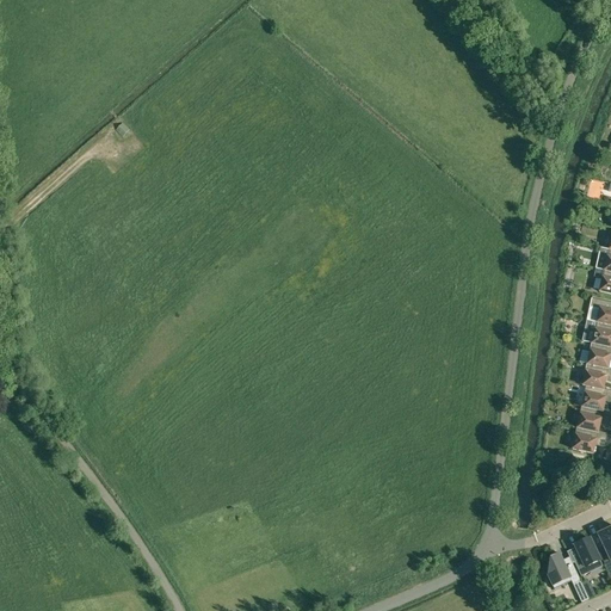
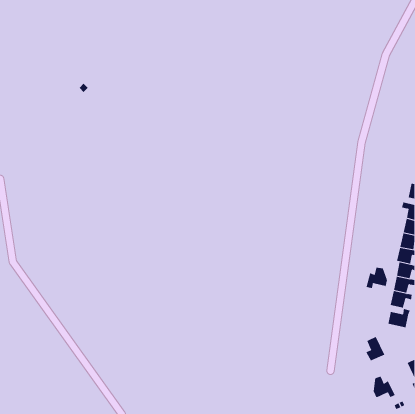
building: none -> [366,267,387,289]
building: none -> [388,308,410,328]
building: [574,537,603,574] -> [366,336,385,361]

